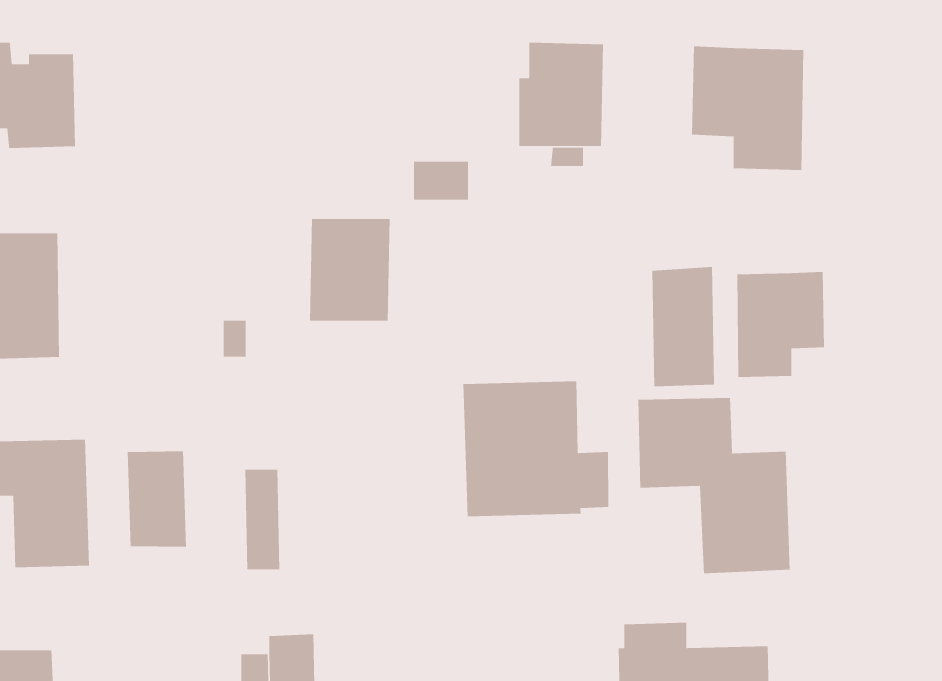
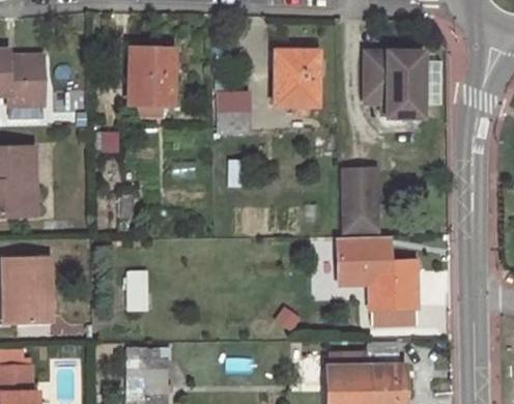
building: [309,218,391,321] -> [130,48,172,102]
building: [736,271,825,378] -> none
building: [462,380,609,517] -> none
building: [127,450,187,547] -> none

